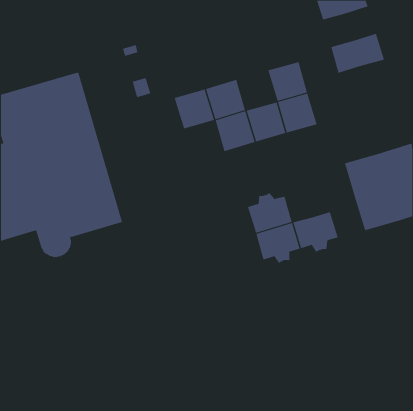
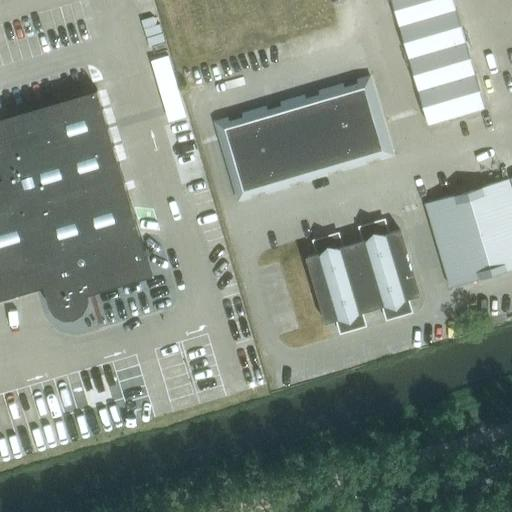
building: none -> [399,10,466,60]
building: none -> [418,76,485,125]
building: none -> [293,89,343,139]
building: none -> [227,151,277,201]
building: none -> [353,225,409,277]

